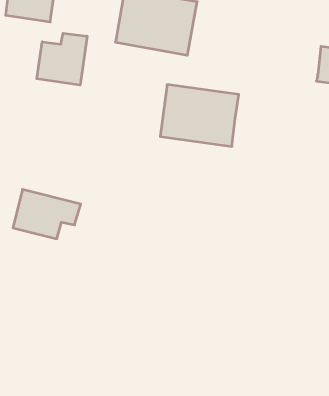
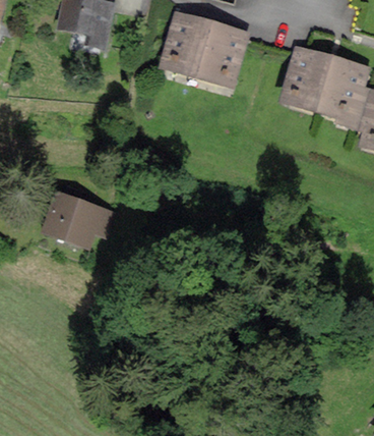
building: [37,33,87,85] -> none
building: [160,85,239,146] -> [285,49,364,115]

